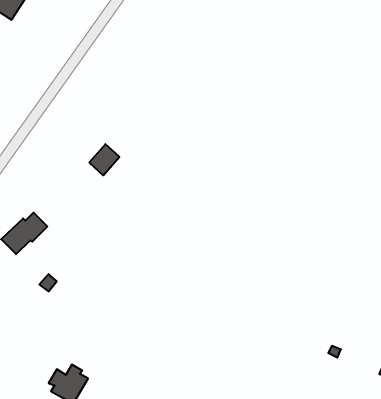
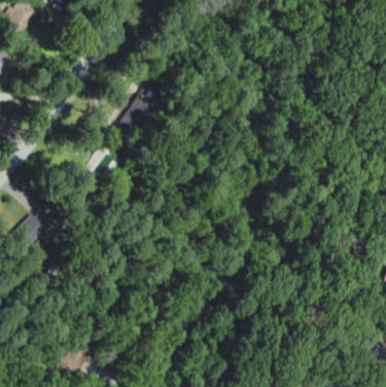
building: none -> [120,93,155,132]

